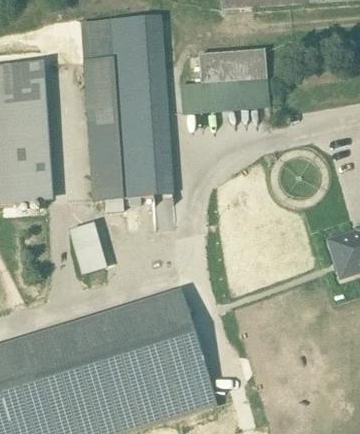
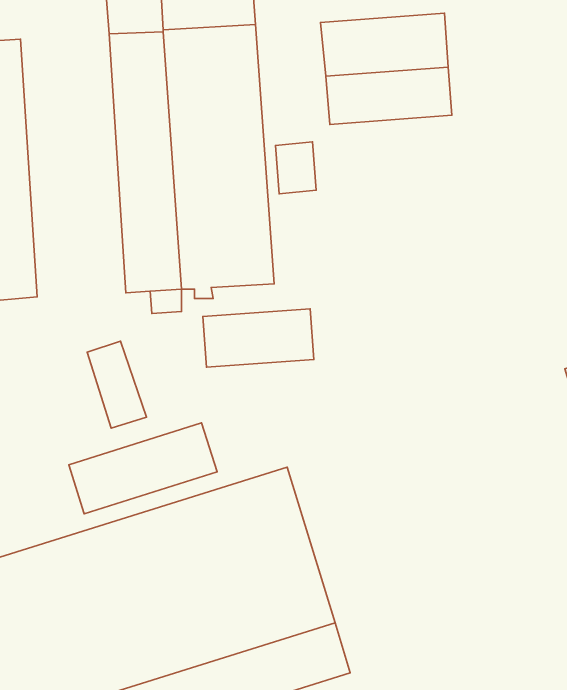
building: [181,81,203,109] -> [276,142,316,194]
building: none -> [203,309,314,367]
building: none -> [69,423,217,514]

